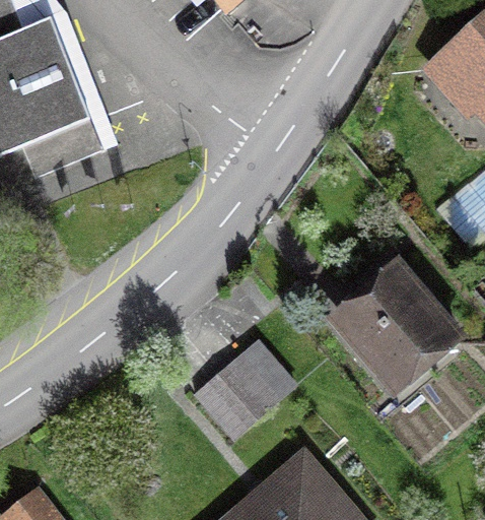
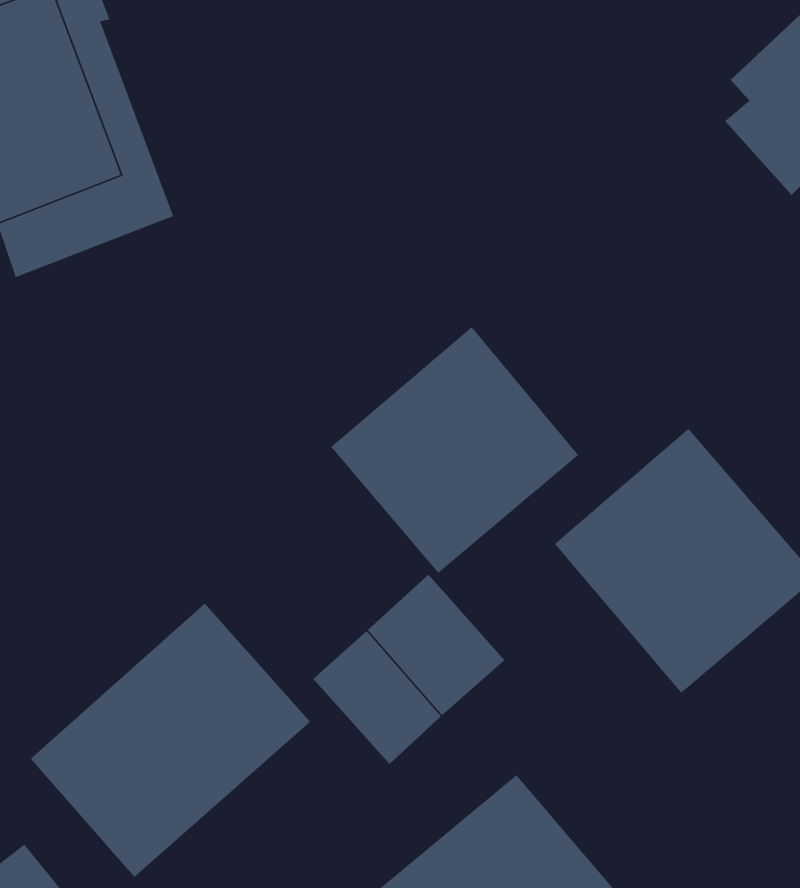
building: none -> [330,326,579,574]
building: none -> [30,603,311,878]

